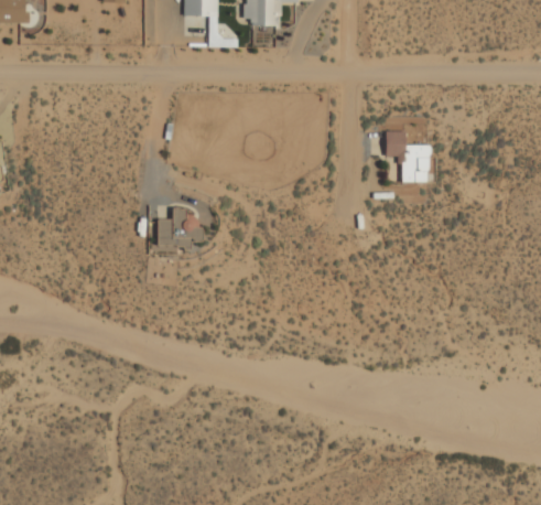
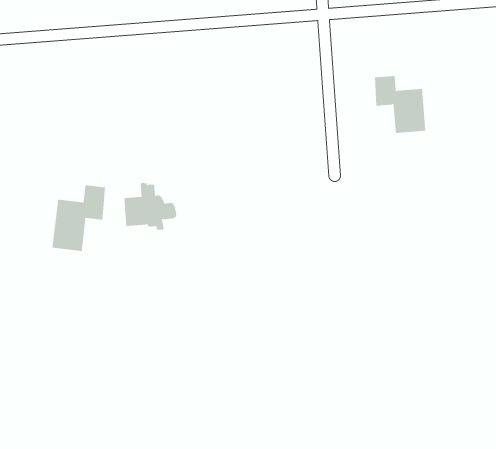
building: none -> [52,184,106,252]

